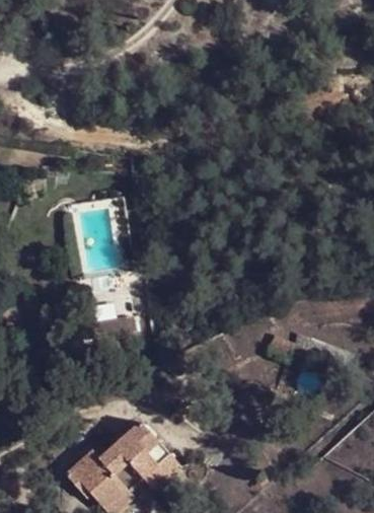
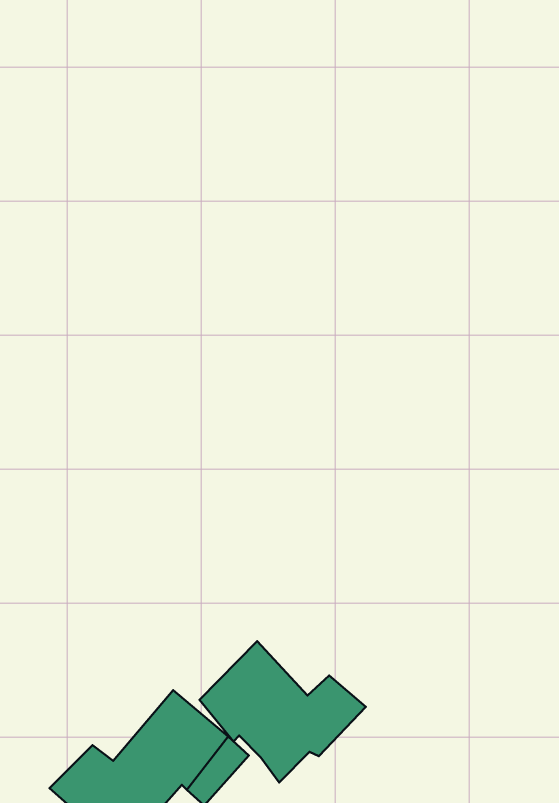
building: none -> [200,641,366,782]

